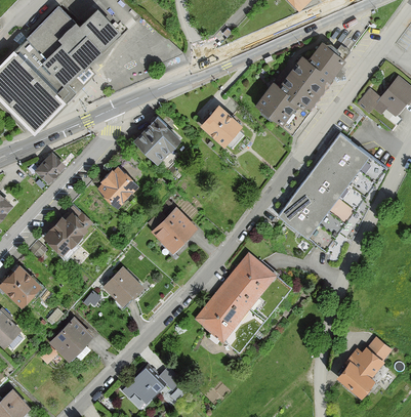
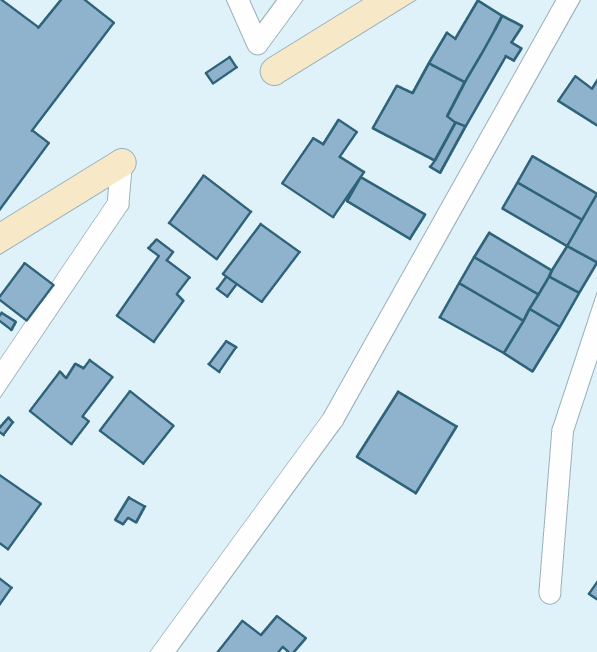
building: [311,160,353,198] -> [347,177,425,239]
building: [152,209,196,252] -> [223,224,300,302]
building: [102,267,143,308] -> [100,391,173,464]
building: [193,286,250,343] -> none
building: [49,319,93,363] -> none

